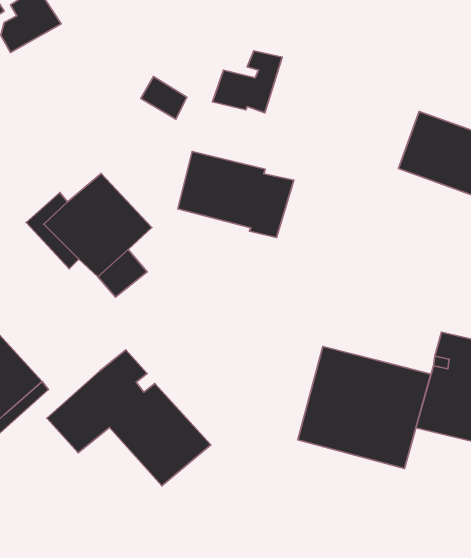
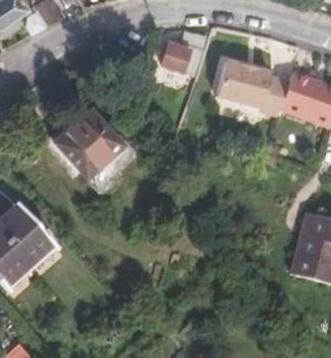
building: [178,152,294,237] -> [216,60,289,114]
building: [298,346,431,468] -> none
building: [47,350,211,486] -> none

